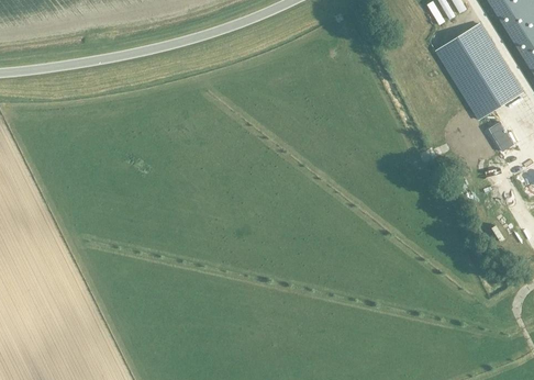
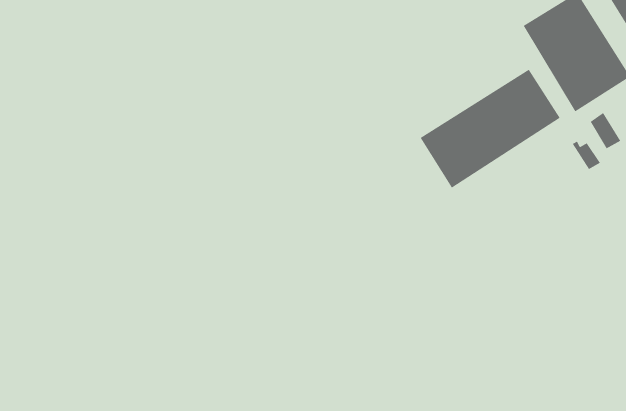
building: none -> [420,69,560,189]

